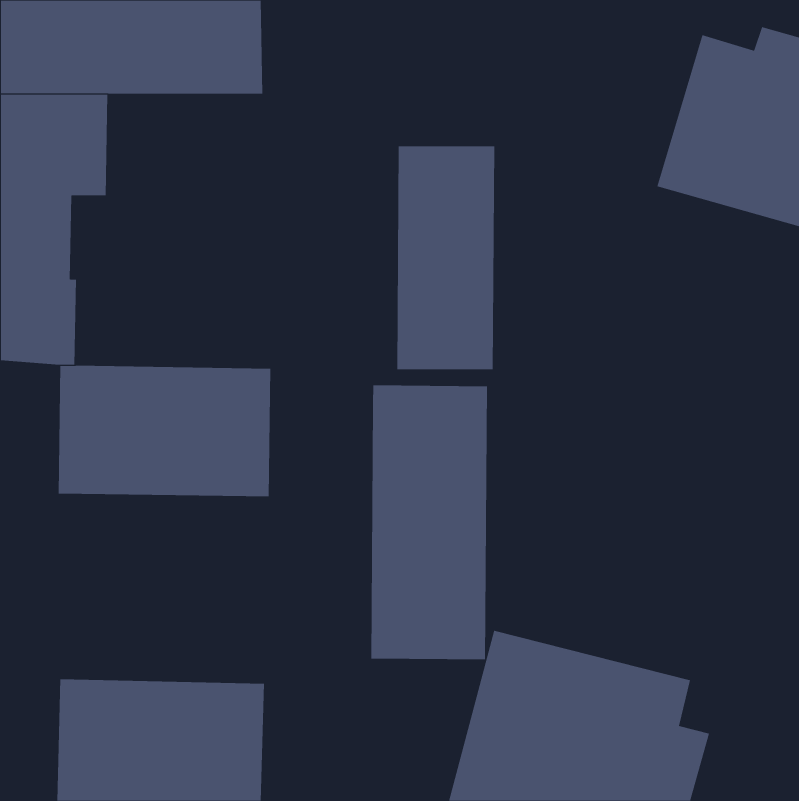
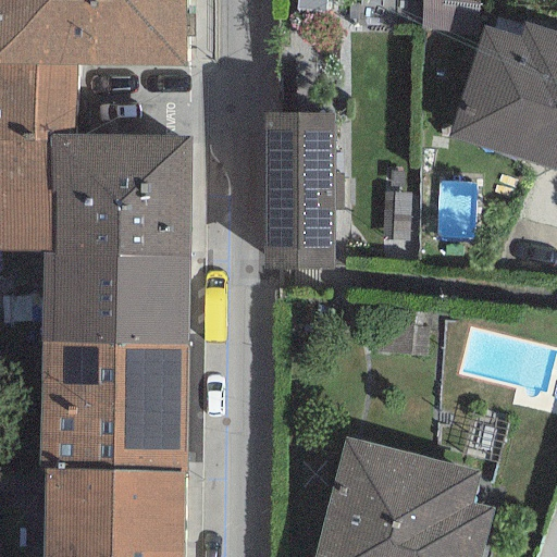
building: none -> [50,136,191,256]
building: [371,385,487,660] -> none
building: none -> [39,343,188,474]

